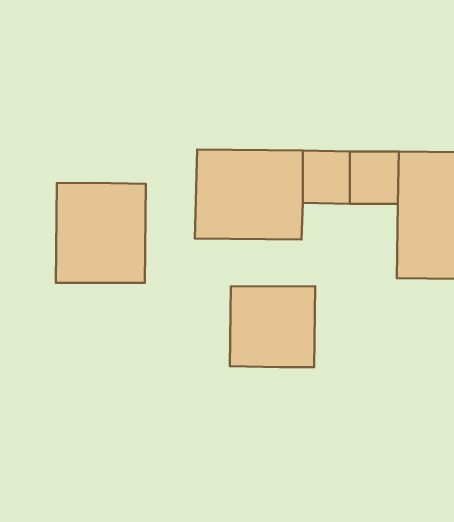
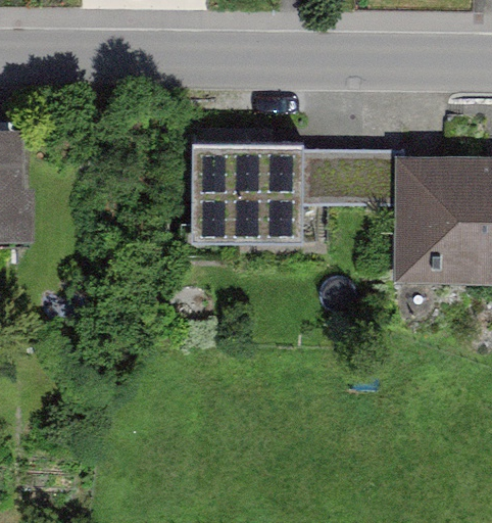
building: [56,183,146,283] -> none
building: [230,286,315,367] -> none

